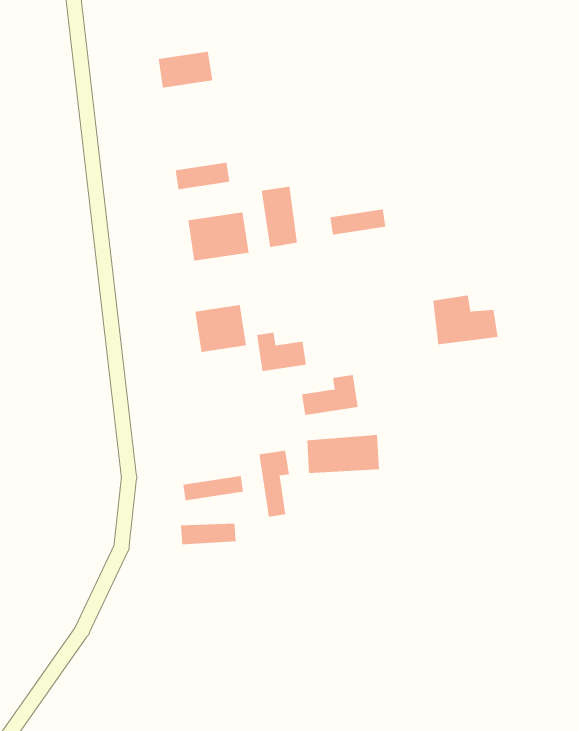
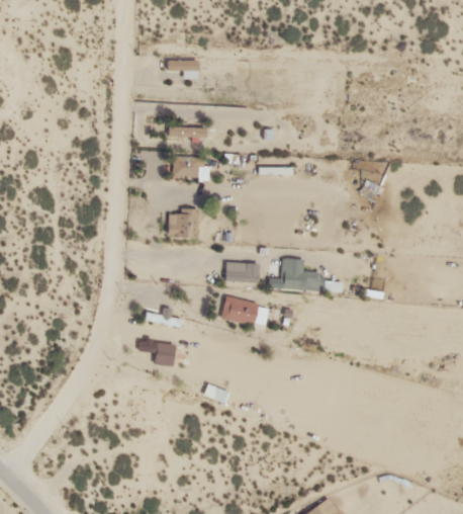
building: [261,186,297,248] -> none
building: [433,295,499,345] -> [280,259,317,287]
building: [257,332,306,372] -> none
building: [259,450,289,518] -> none

